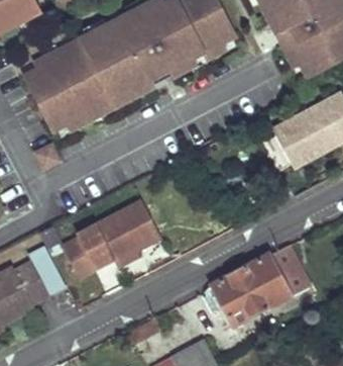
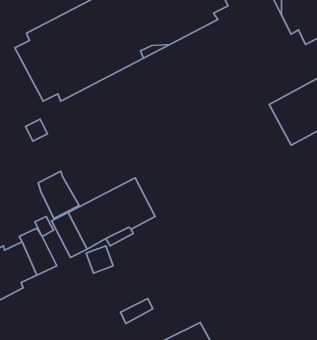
building: none -> [38,171,79,219]
building: [212,247,309,327] -> none

